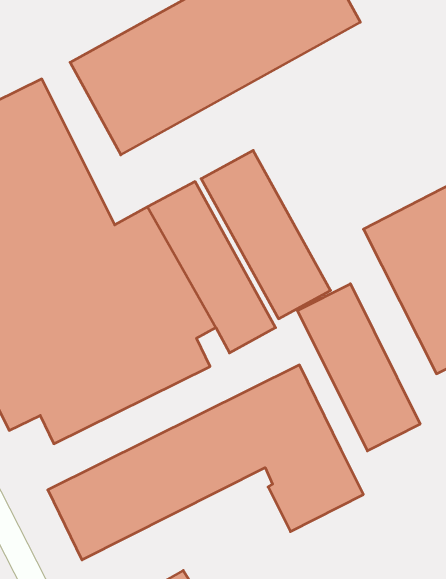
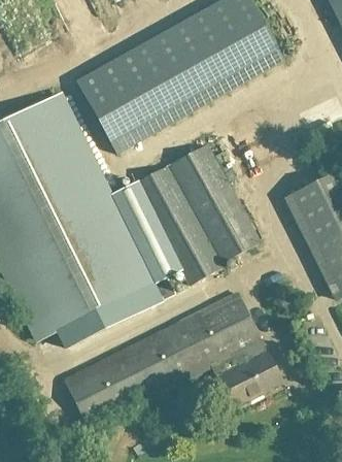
building: [298,284,420,451] -> none

